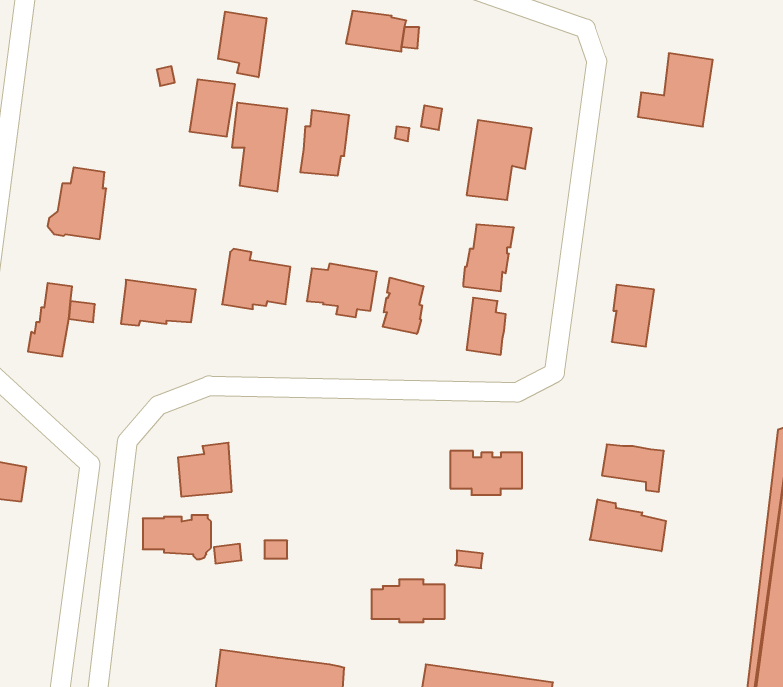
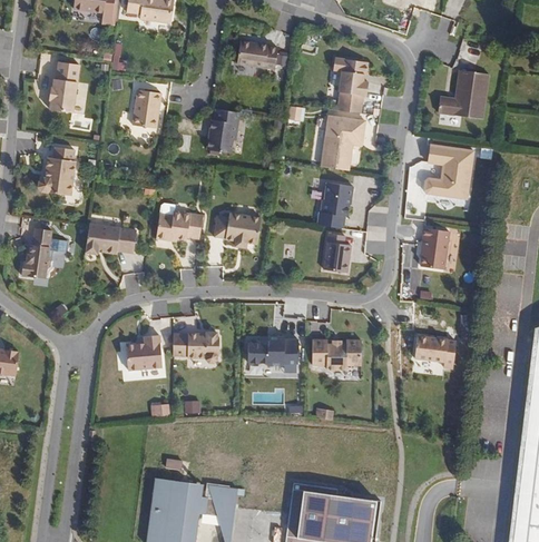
building: [218,12,266,77] -> none
building: none -> [331,56,365,111]
building: none -> [47,61,79,112]
building: [232,102,287,192] -> none
building: none -> [429,144,479,198]
building: [383,278,423,334] -> none
building: [590,499,666,551] -> none
building: [143,515,211,559] -> [171,332,218,362]
building: [371,580,445,622] -> [248,339,298,368]

